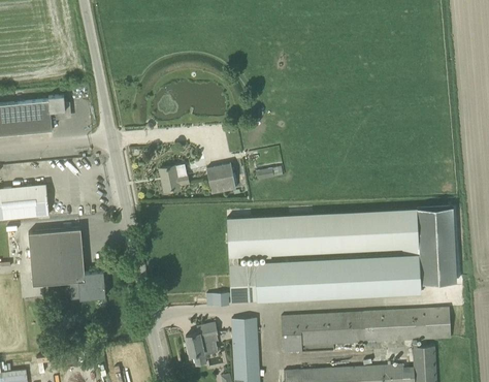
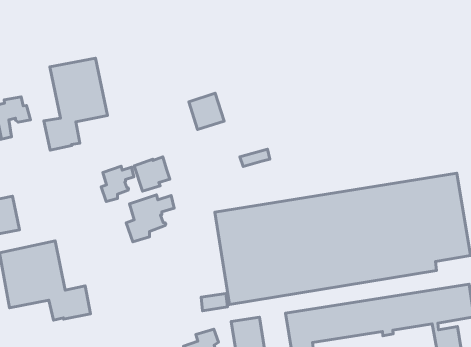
building: none -> [44,58,108,150]
building: [206,162,236,193] -> [189,93,224,130]
building: none -> [101,166,134,202]
building: none -> [126,195,174,242]

